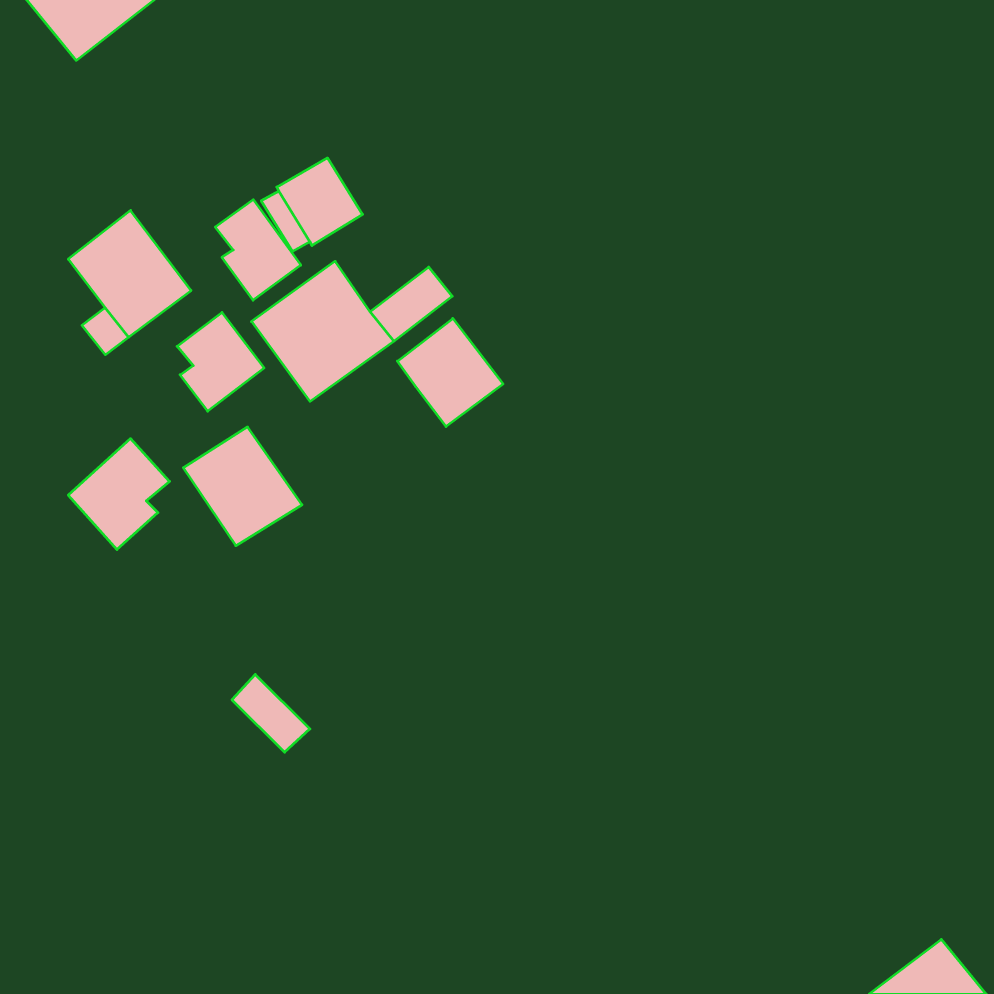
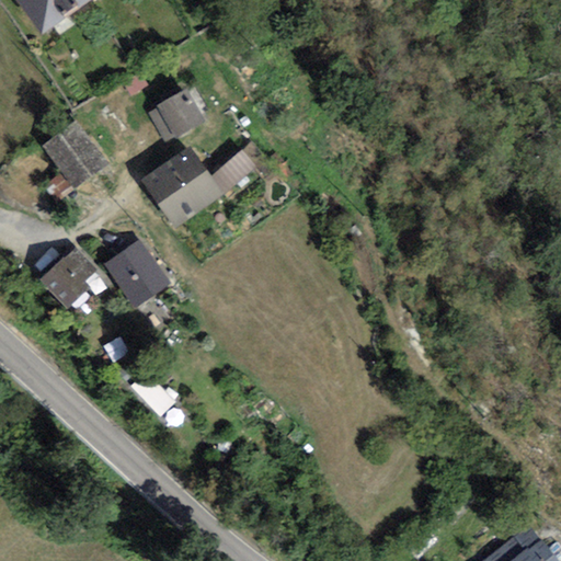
building: [215,200,301,300] -> none
building: [177,312,264,411] -> none
building: [397,318,503,427] -> none

